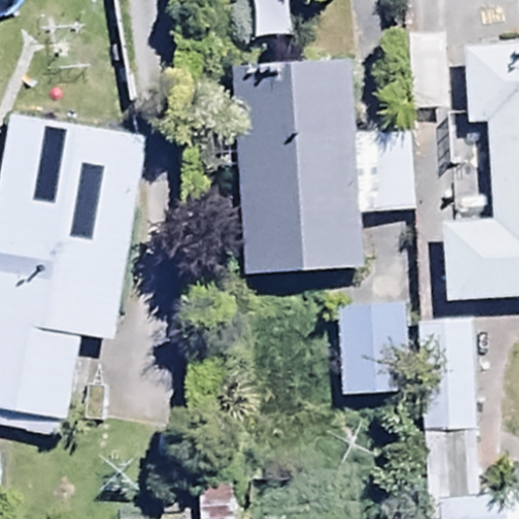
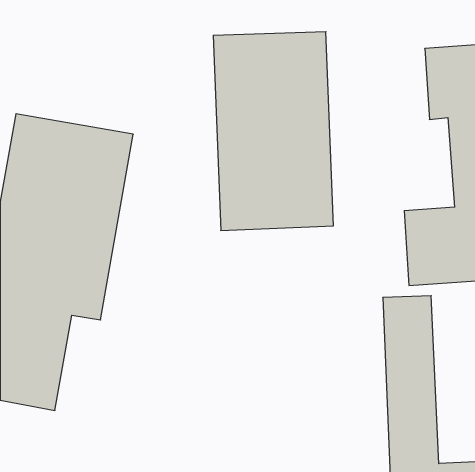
building: [333,282,404,374] -> none

